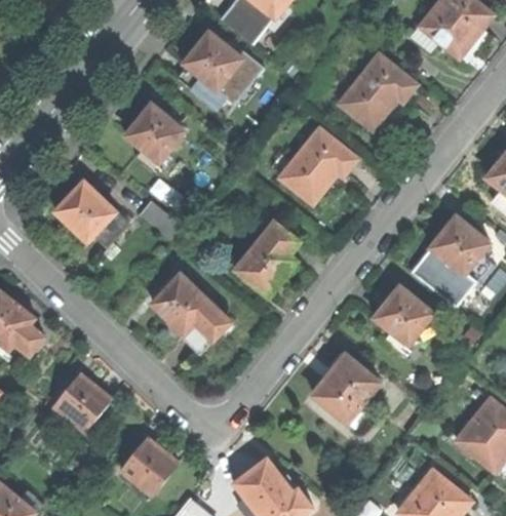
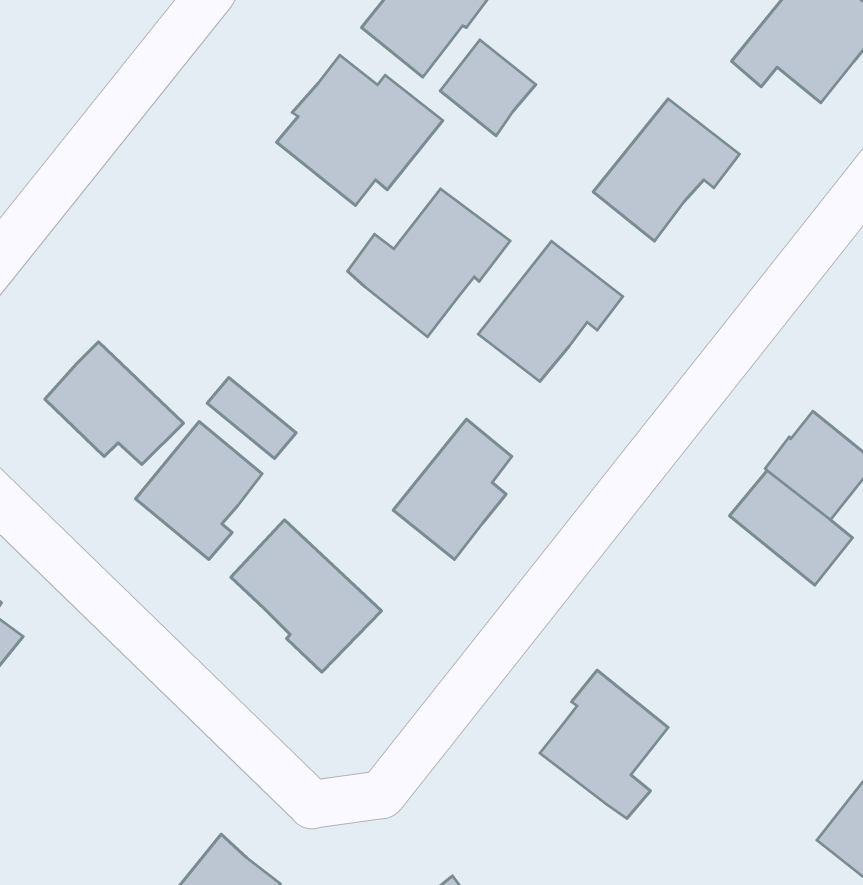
building: none -> [440,40,536,136]
building: none -> [348,189,510,337]
building: [124,104,184,167] -> none
building: none -> [136,422,262,560]
building: [373,285,432,349] -> none
building: [54,373,111,430] -> none

